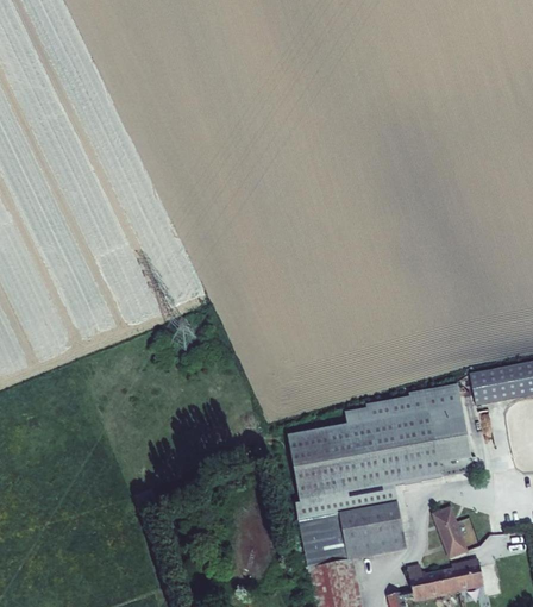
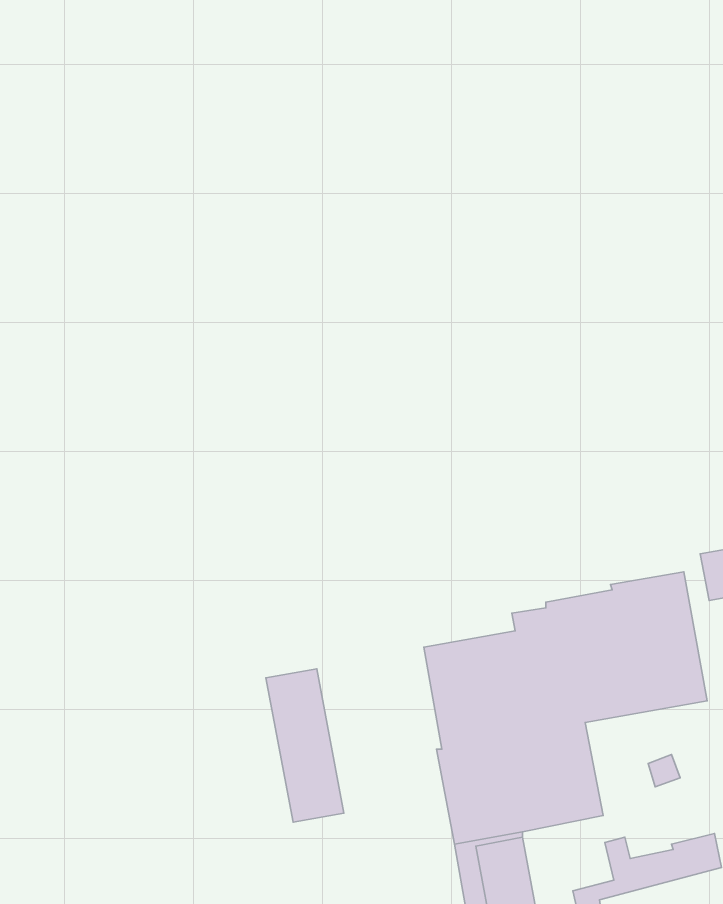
building: none -> [266,669,344,822]
building: [440,521,469,559] -> none

